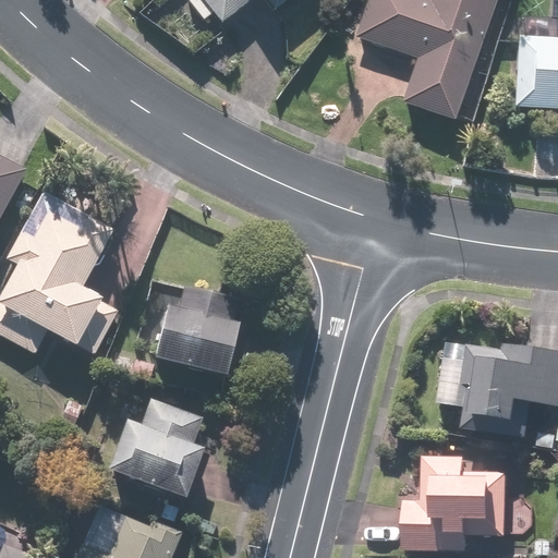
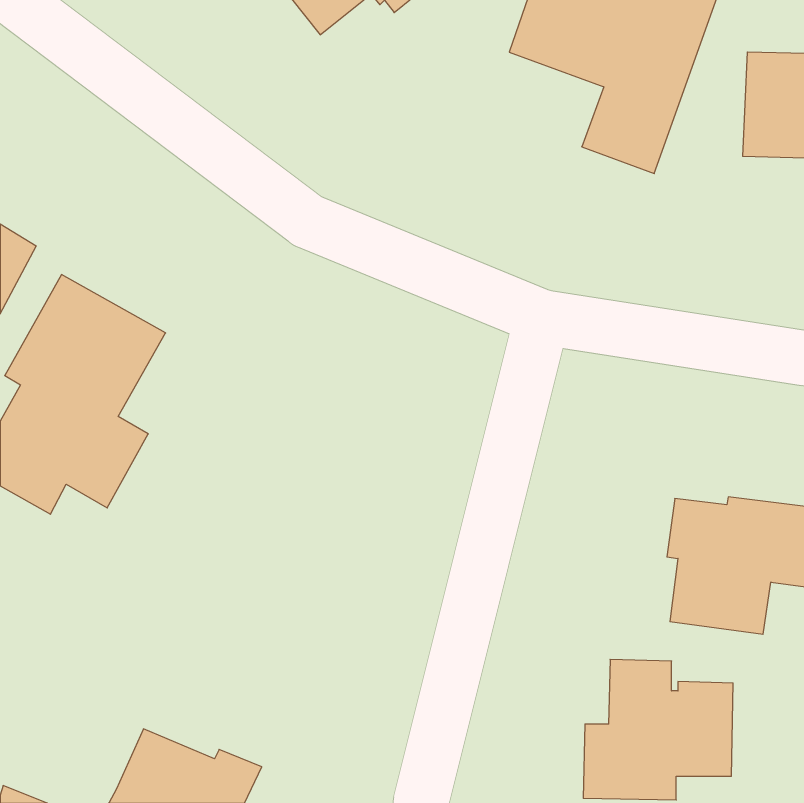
building: [154,286,240,376] -> none
building: [107,398,205,499] -> none

